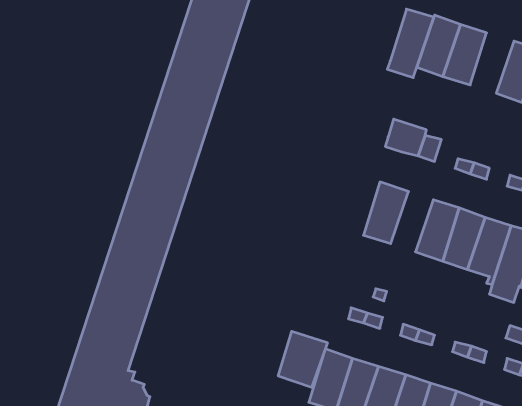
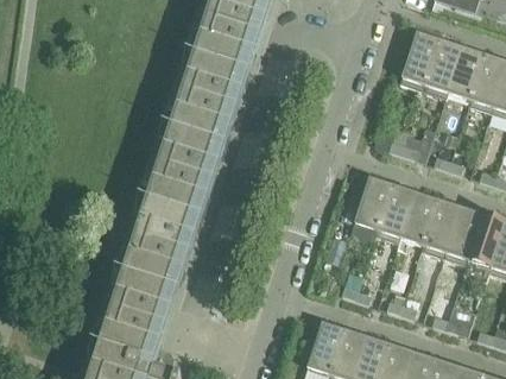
building: [387,9,434,78] -> [444,46,485,106]
building: none -> [378,184,415,236]
building: [278,331,327,387] -> none

